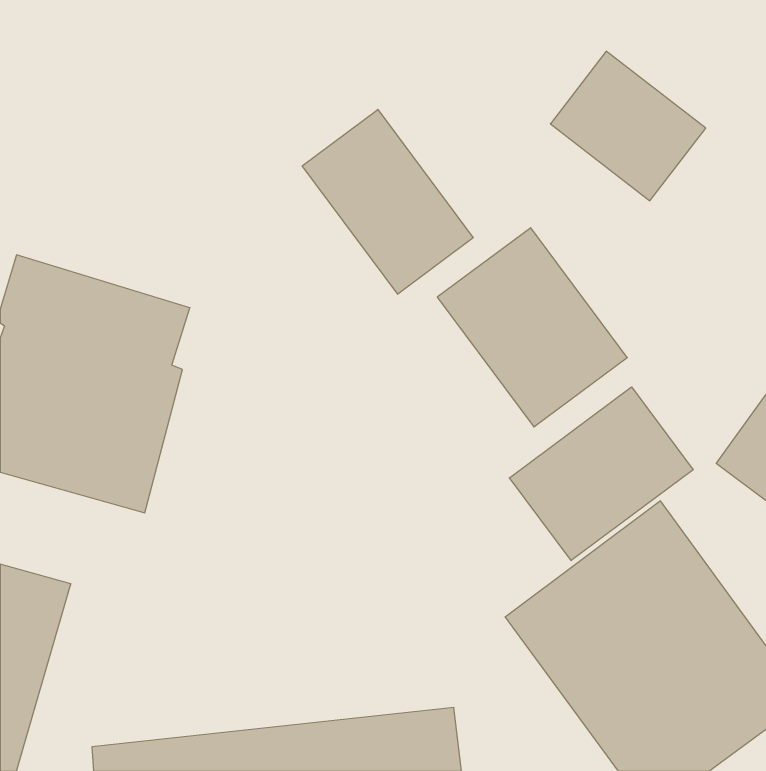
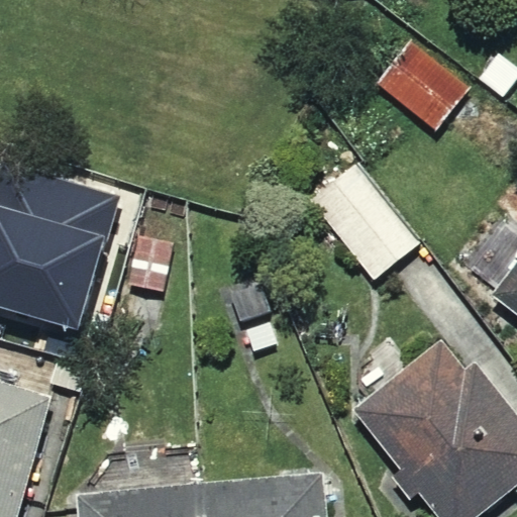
building: [302,109,473,294] -> none
building: [509,387,693,561] -> none

